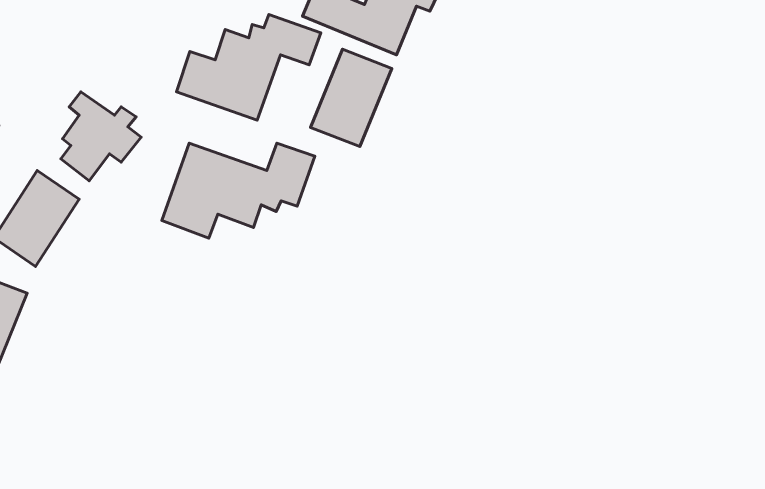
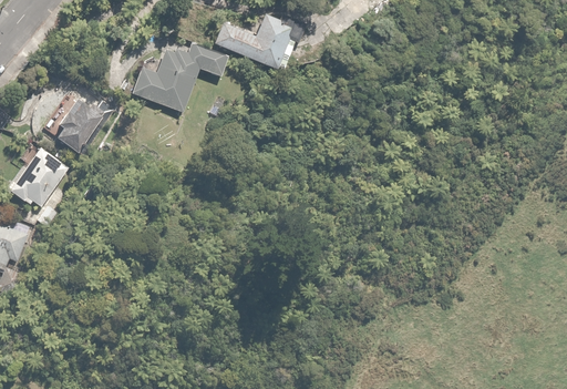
building: [310,49,392,146] -> none
building: [162,143,315,238] -> none

